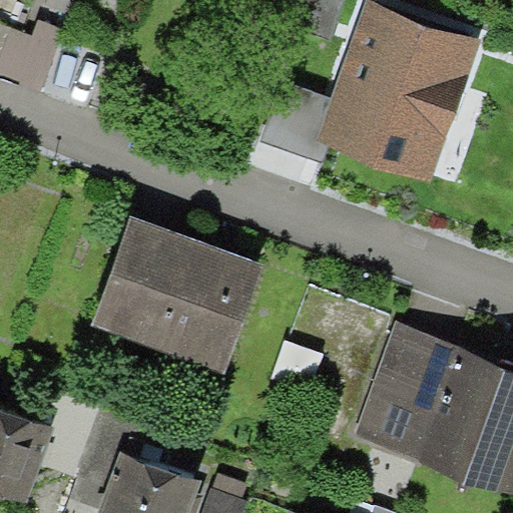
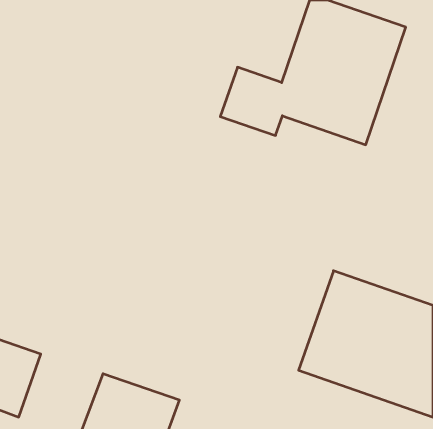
building: [94,223,263,370] -> none

